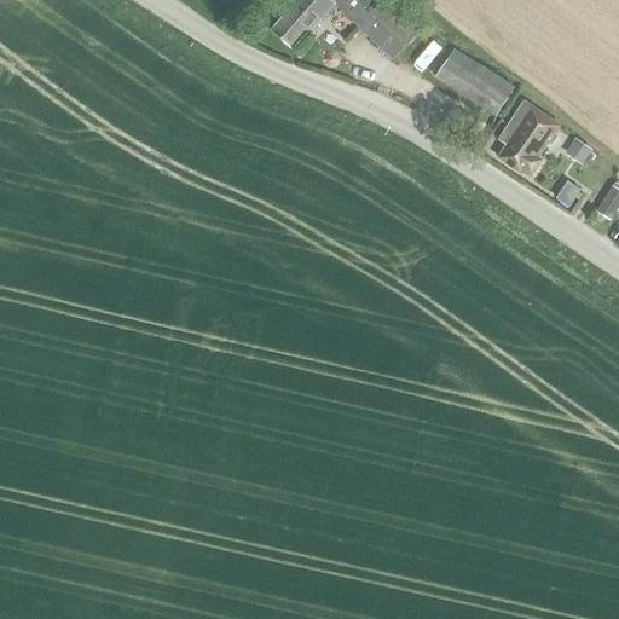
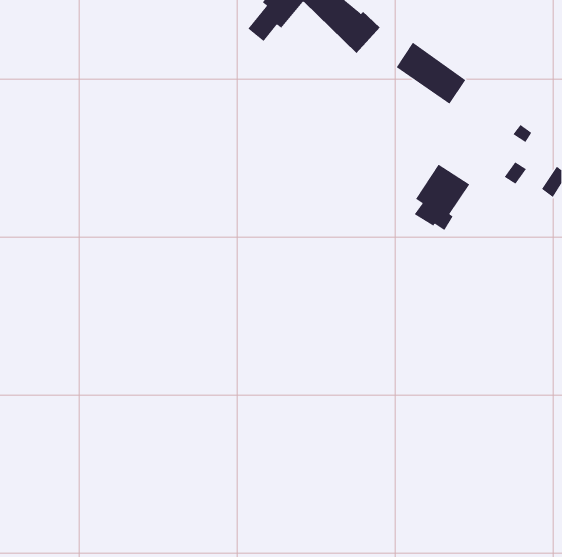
building: [497,100,559,174] -> [414,164,470,231]

